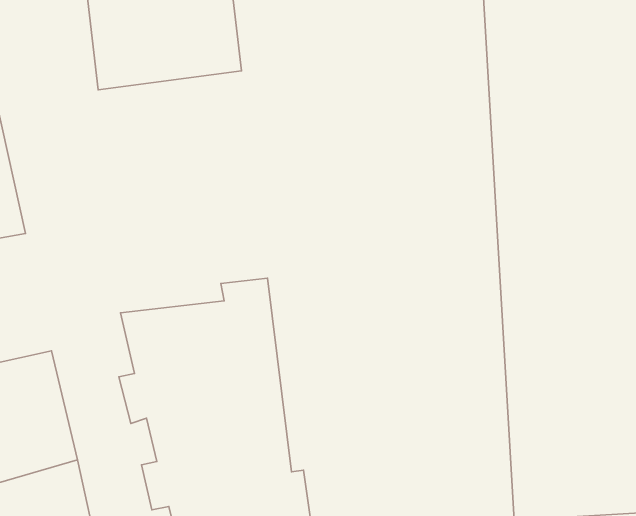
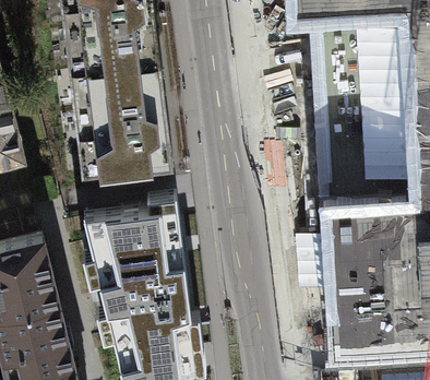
building: none -> [69,71,172,186]

